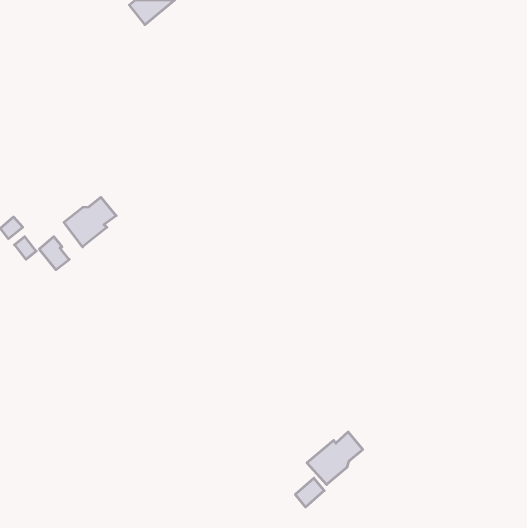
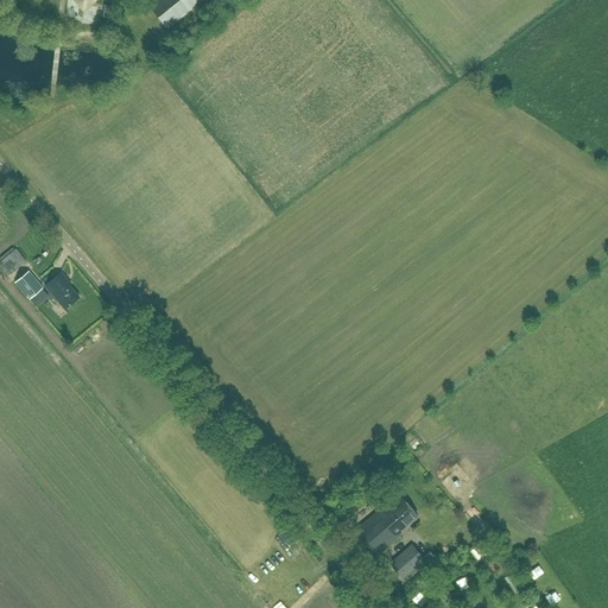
building: [64,197,116,247] -> none
building: [295,478,324,507] -> [391,545,424,578]

